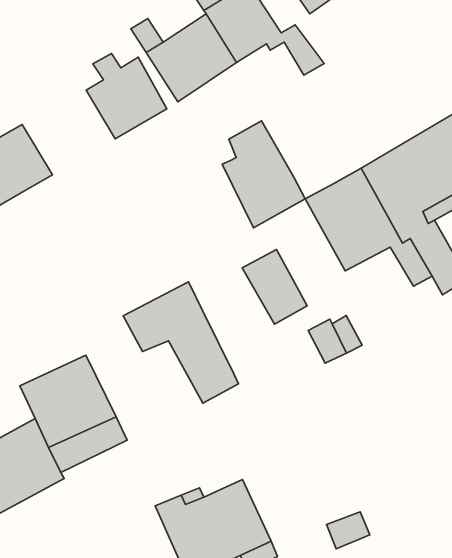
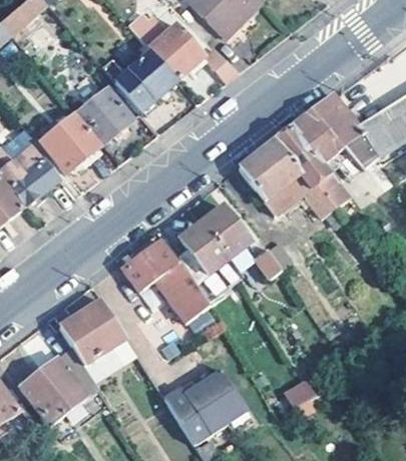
building: none -> [40,114,99,172]
building: [222,121,305,228] -> [177,222,239,298]

